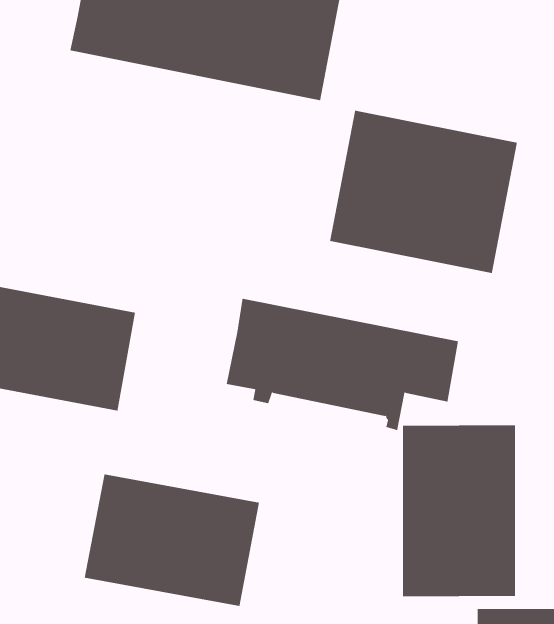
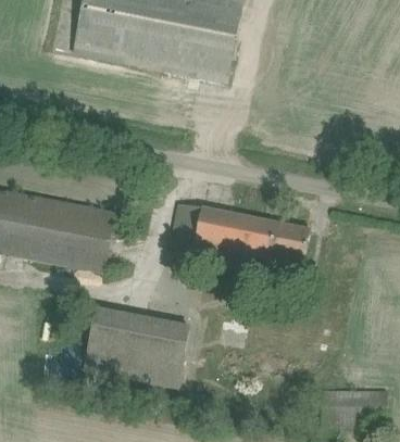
building: [329,110,518,274] -> none
building: [403,424,516,597] -> none

